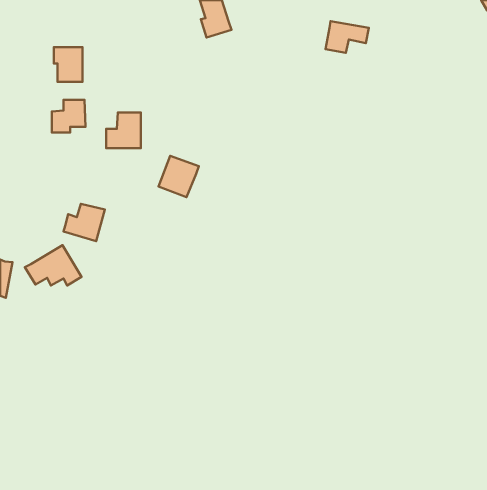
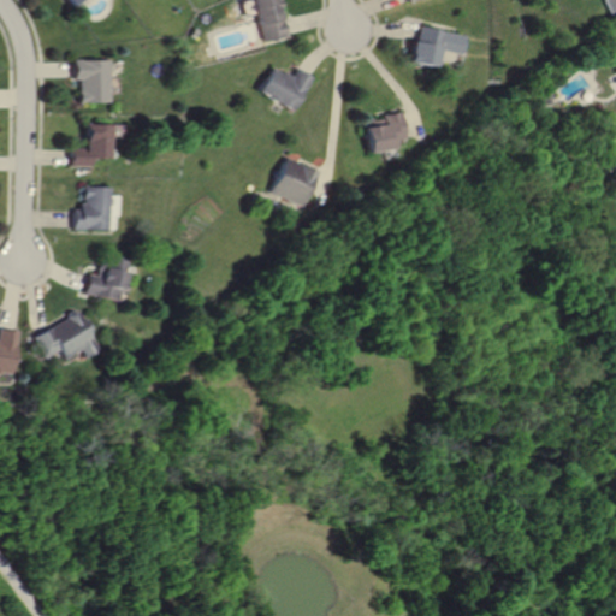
building: none -> [260,69,316,113]
building: none -> [366,109,407,152]
building: [106,113,141,148] -> [71,185,114,230]
building: [159,156,199,197] -> [270,156,320,208]

